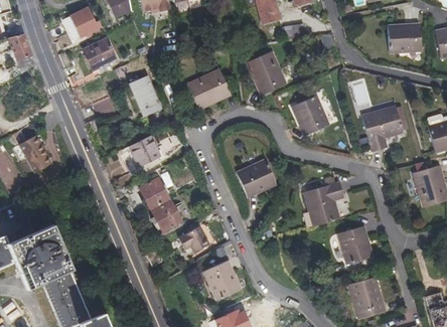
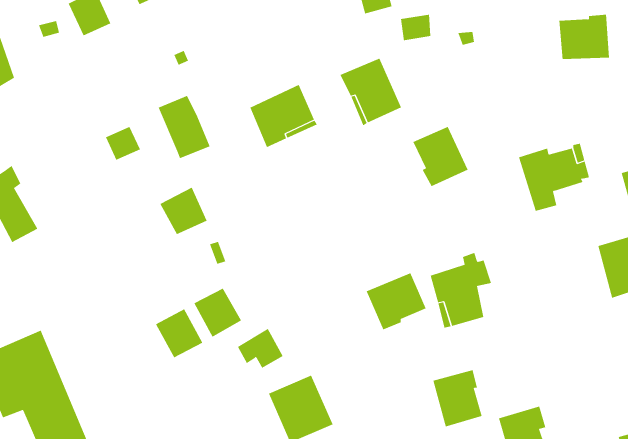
building: [83,38,115,66] -> none
building: [237,160,276,197] -> [366,273,426,330]
building: [139,178,170,210] -> [155,308,203,358]
building: [338,226,370,264] -> [433,370,482,427]

